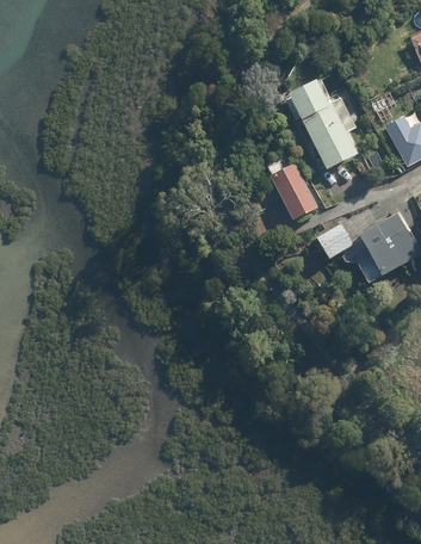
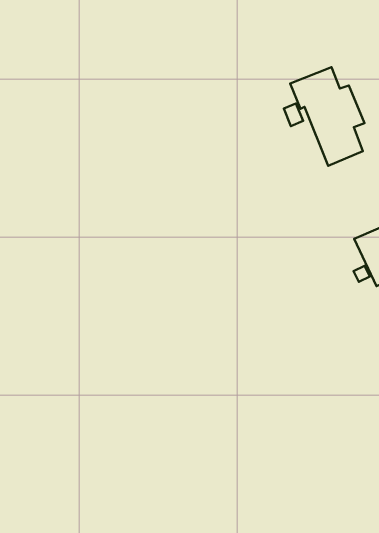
building: [264,162,316,221] -> none
building: [316,222,354,259] -> none

